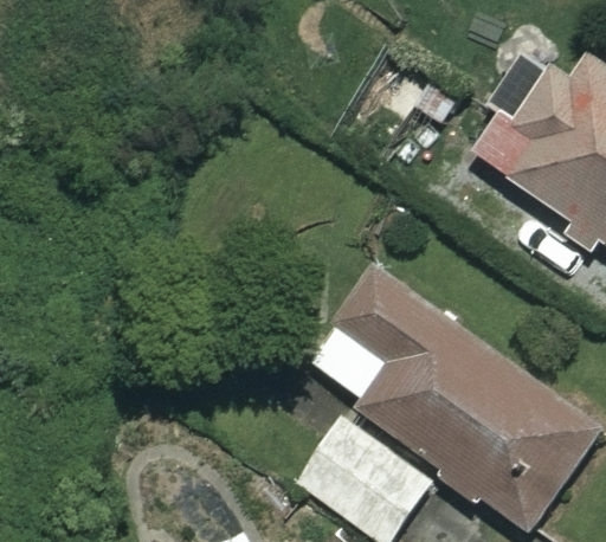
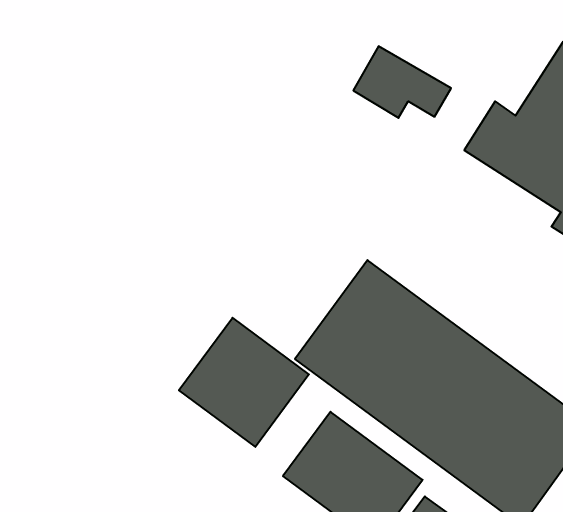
building: none -> [179,318,309,447]

